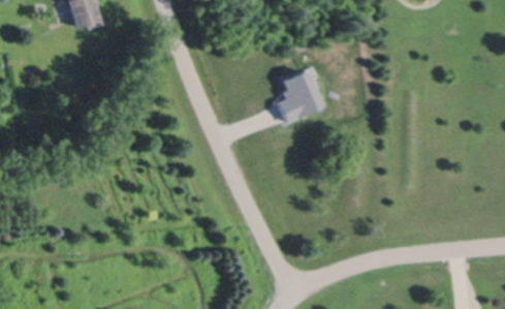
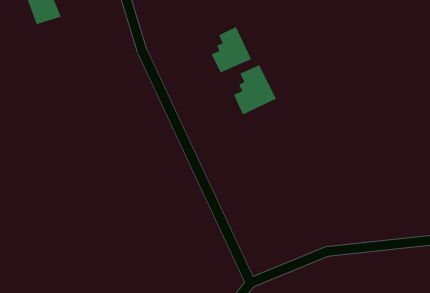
building: none -> [211,26,252,73]

